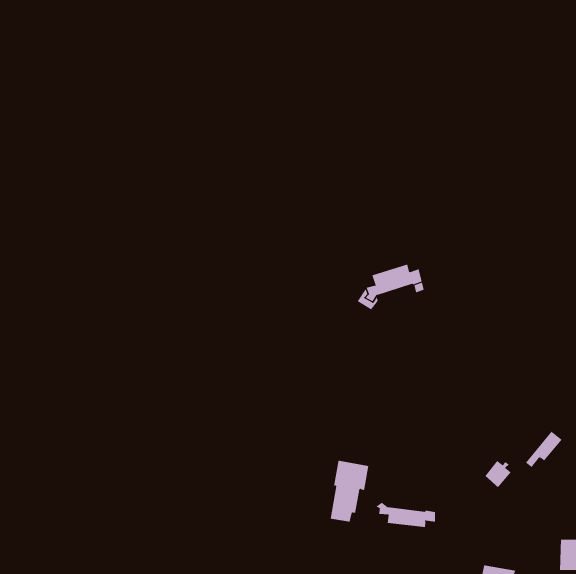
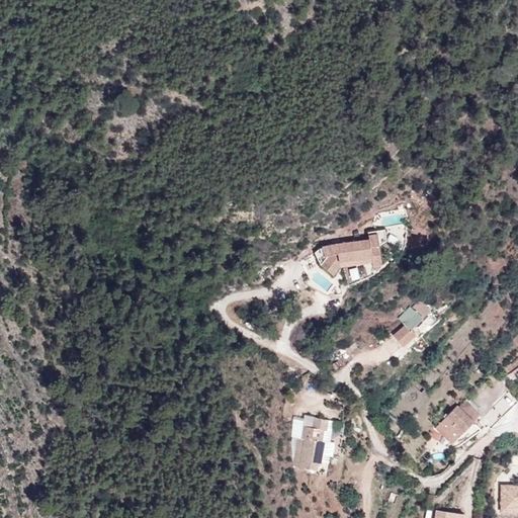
building: none -> [391,298,429,346]
building: [375,502,436,528] -> none

